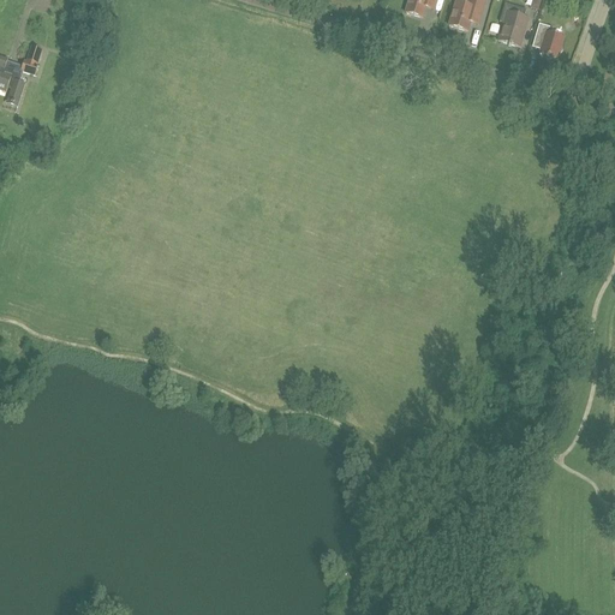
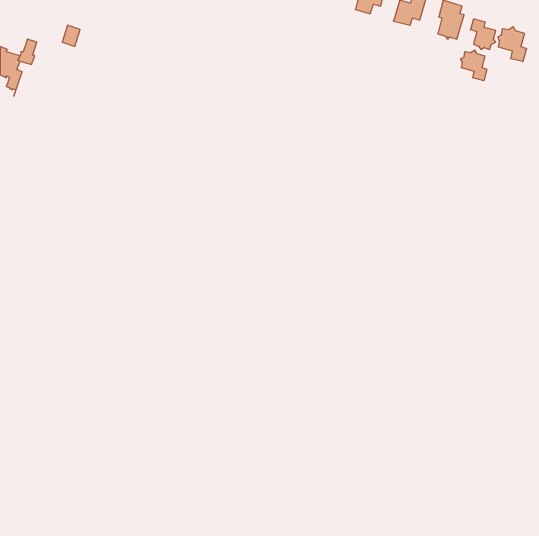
building: none -> [498,27,526,62]
building: none -> [461,50,487,81]

